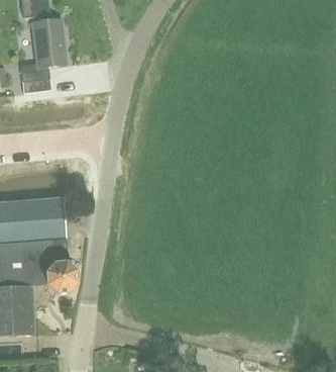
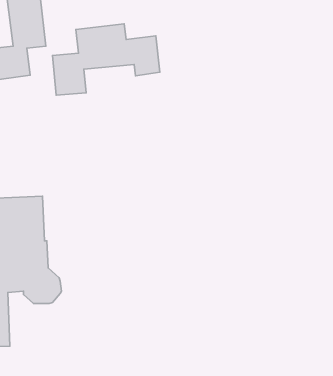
building: none -> [53,24,160,95]

